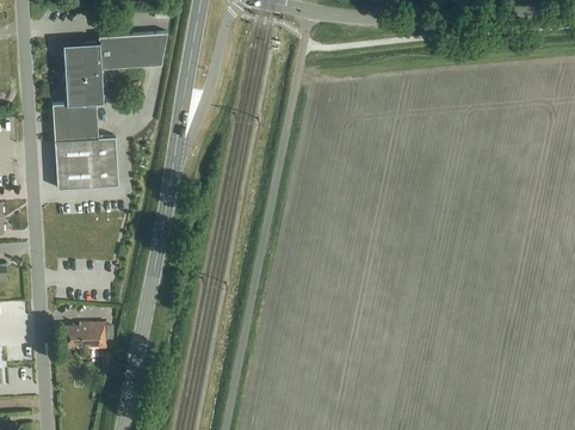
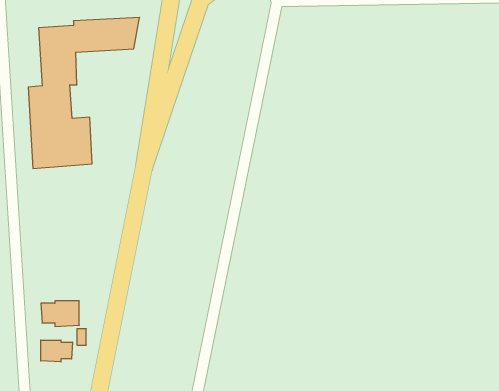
building: none -> [41,340,72,362]

